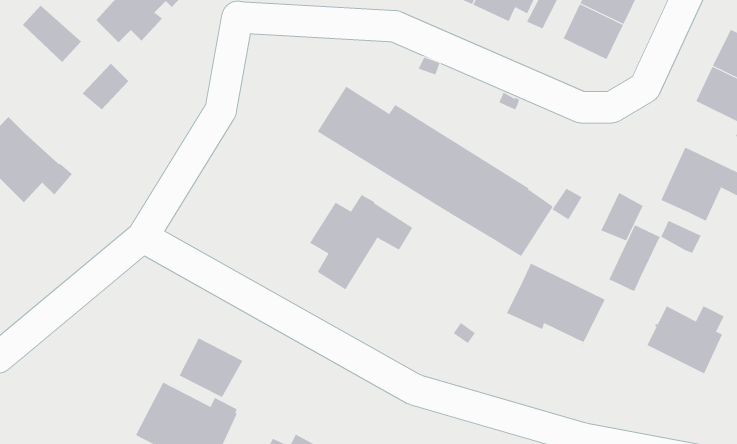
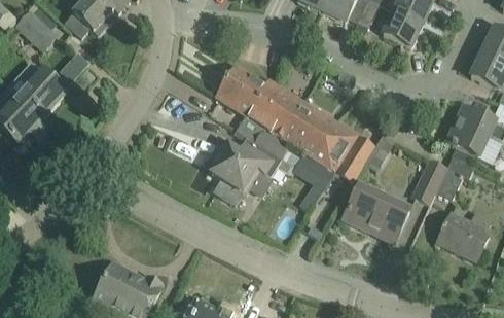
building: none -> [17,62,66,117]
building: none -> [254,128,290,161]
building: [601,192,643,241] -> [434,167,463,200]
building: none -> [292,150,334,188]
building: [179,338,243,398] -> none

